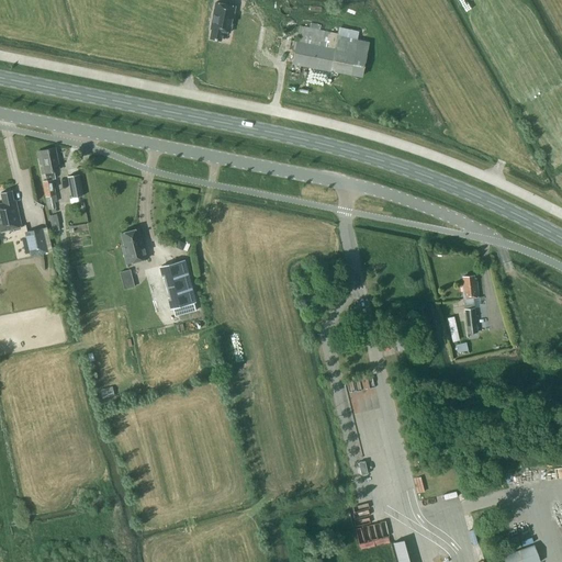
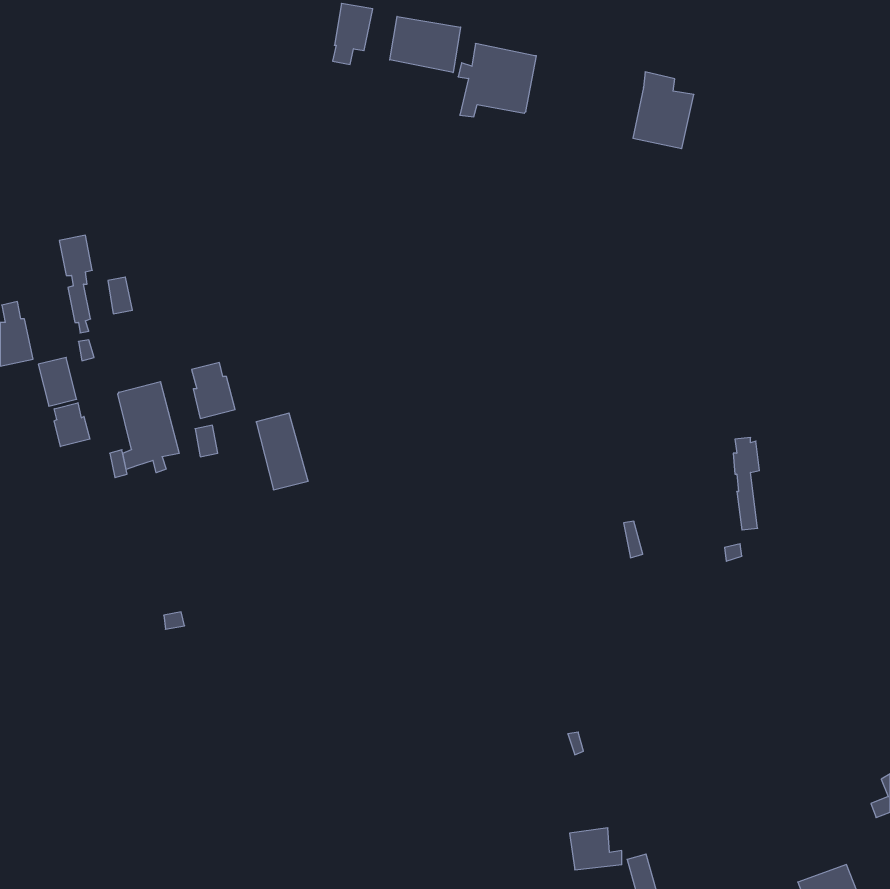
building: none -> [390,16,461,73]
building: [331,26,370,75] -> [633,72,694,149]
building: none -> [118,382,179,473]
building: none -> [54,403,90,447]

